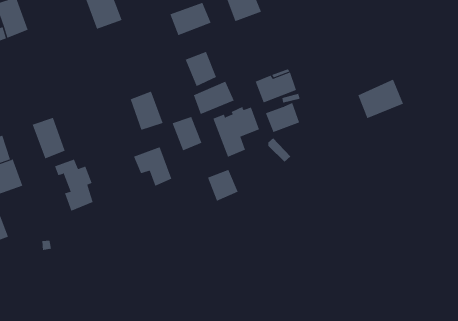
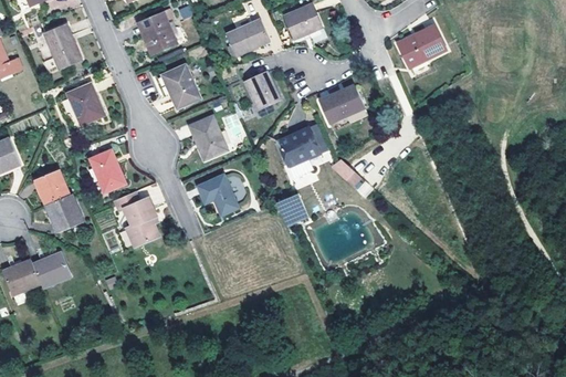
building: none -> [161,63,199,108]
building: none -> [66,82,103,124]
building: [358,79,404,119] -> [396,24,444,67]
building: [193,81,234,115] -> none
building: [265,102,300,133] -> none
building: [172,116,202,151] -> none

